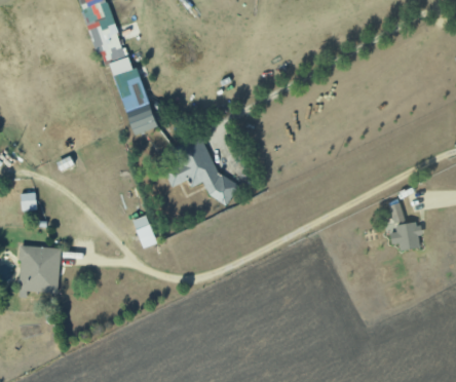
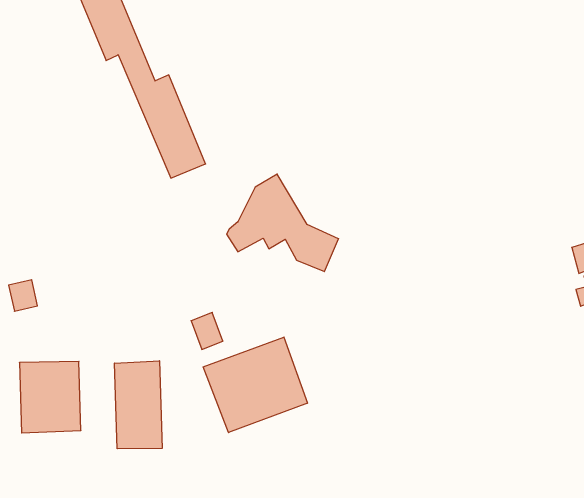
building: none -> [203,337,307,433]
building: none -> [115,361,162,449]

